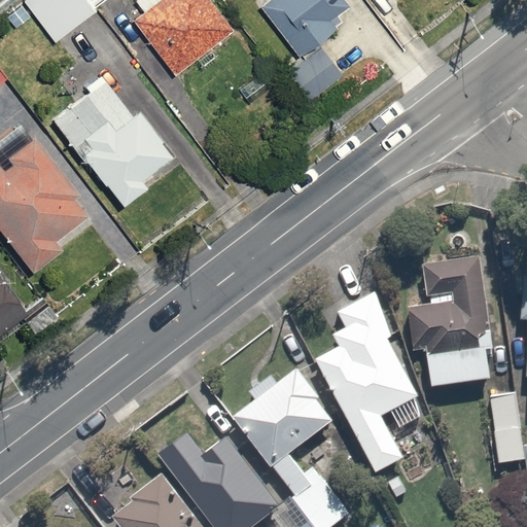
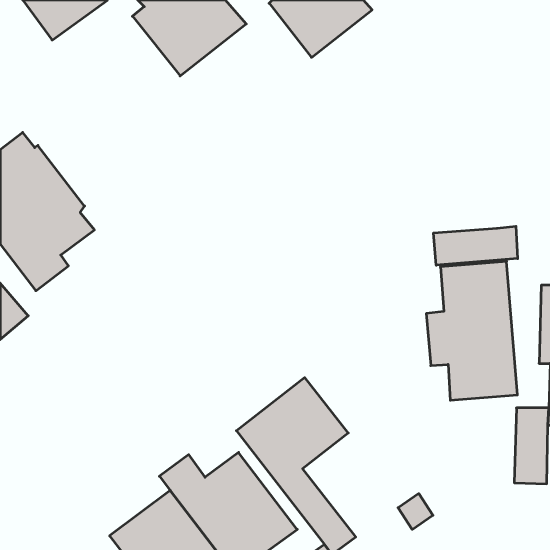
building: [51,78,173,204] -> none
building: none -> [434,226,518,265]
building: [312,291,430,469] -> none

